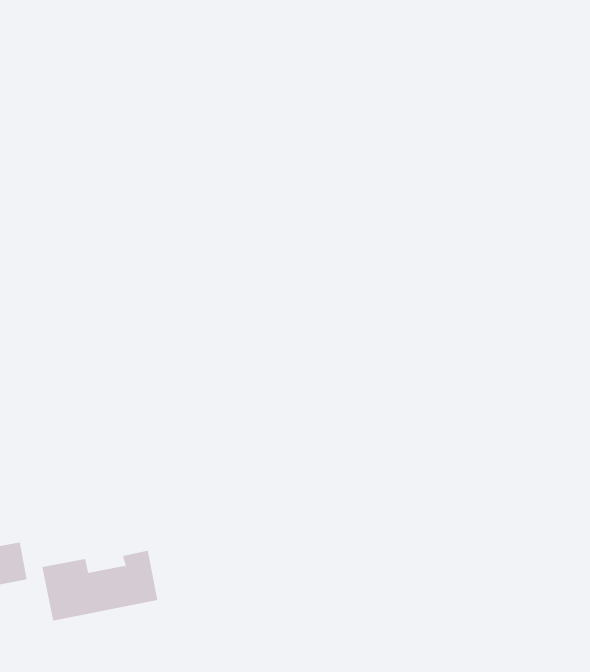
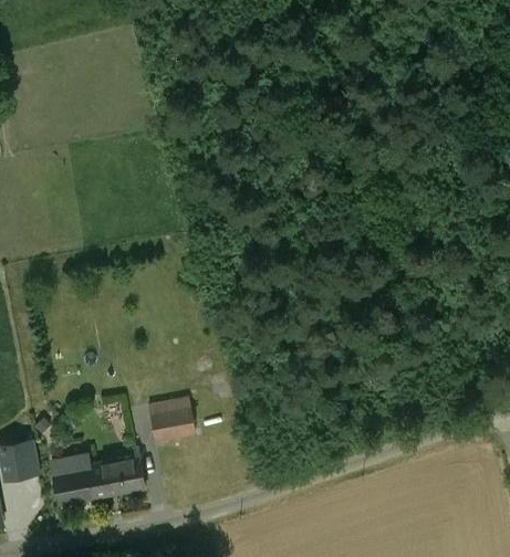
building: none -> [146,399,192,440]

